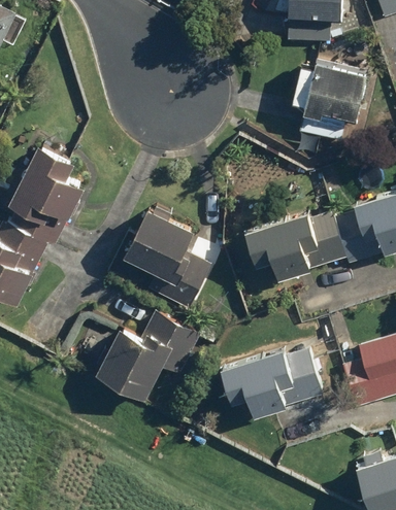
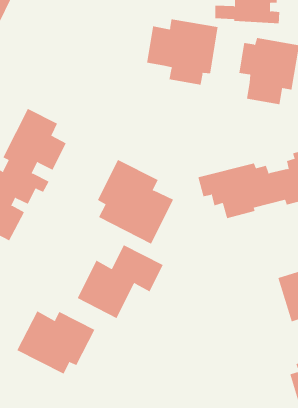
building: none -> [147,18,218,85]
building: [218,345,326,419] -> none
building: none -> [16,311,95,374]

